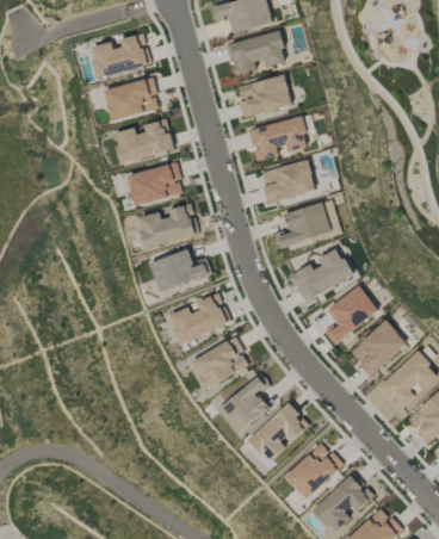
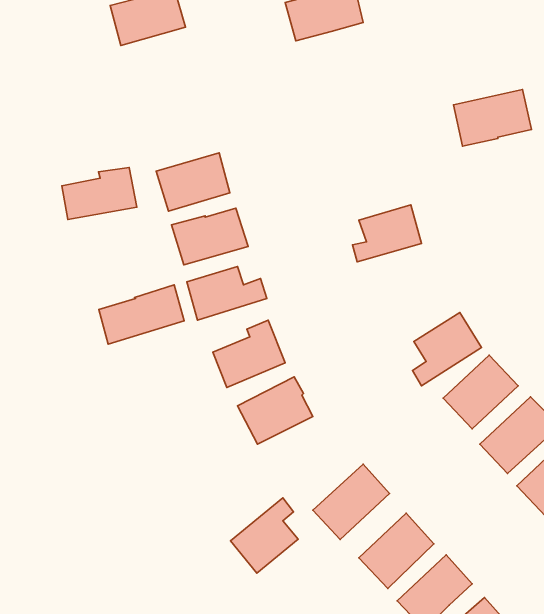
building: [235,74,292,118] -> none
building: [104,79,159,120] -> none
building: [248,117,309,161] -> [453,90,532,146]
building: [115,120,173,161] -> [62,167,137,220]
building: [259,160,315,204] -> none
building: [291,248,353,302] -> none
building: none -> [99,285,184,344]
building: [216,376,268,434] -> [231,498,298,573]

